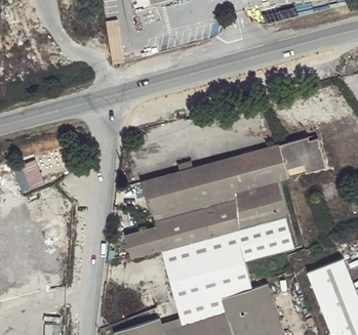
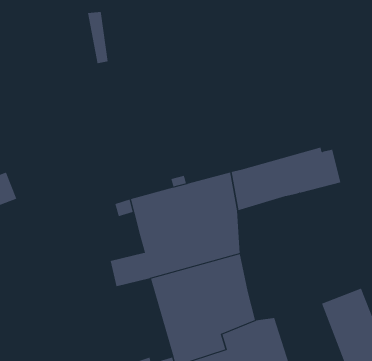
building: [236,179,295,261] -> none

